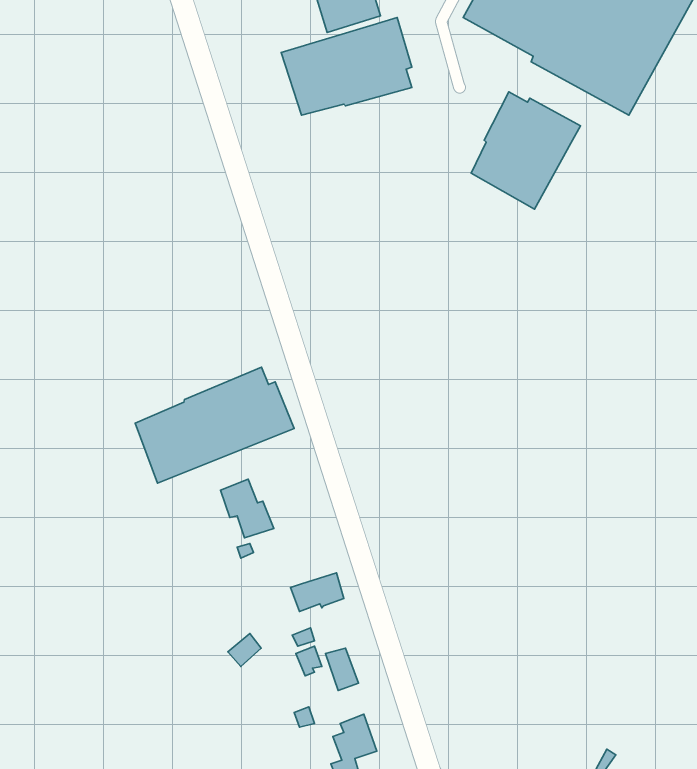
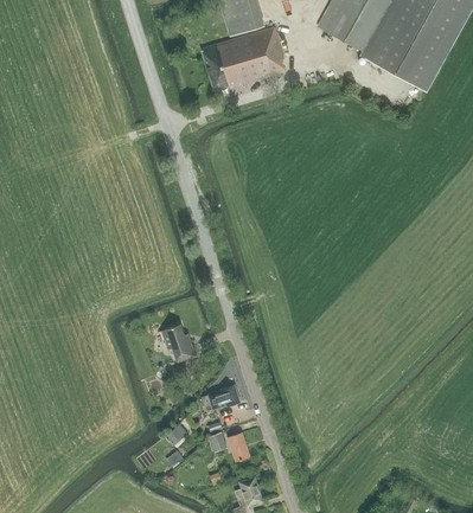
building: [471,92,580,209] -> none
building: [135,367,294,483] -> none

